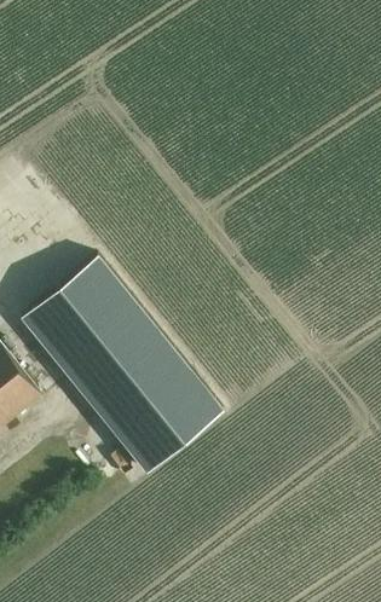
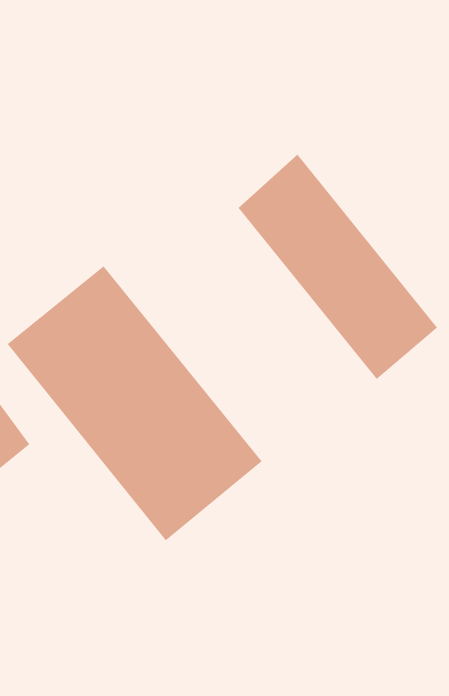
building: none -> [238,154,438,380]

